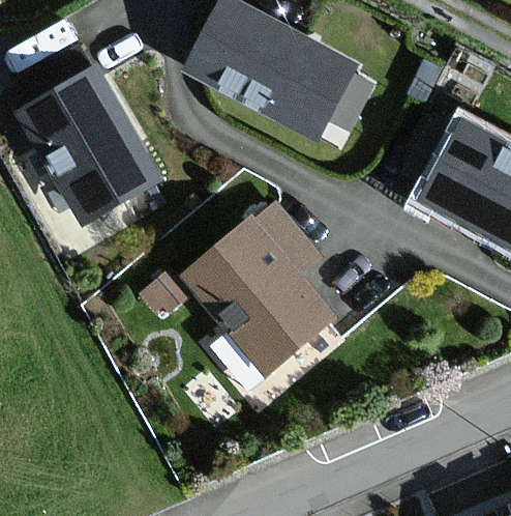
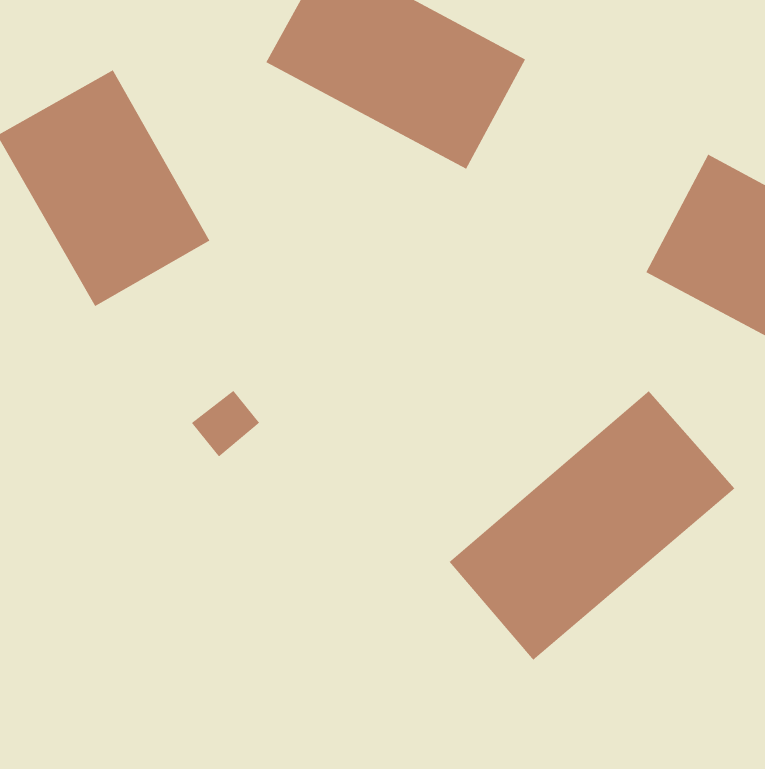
building: [186,206,329,368] -> none
building: none -> [448,390,735,661]

